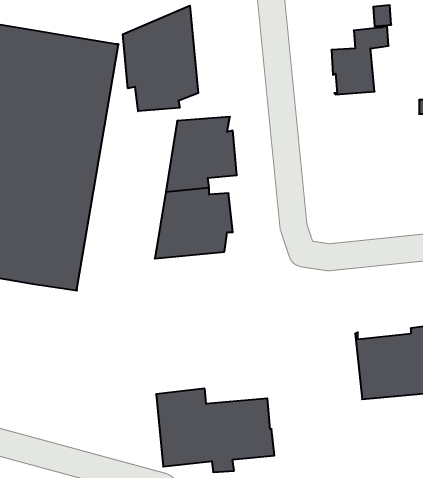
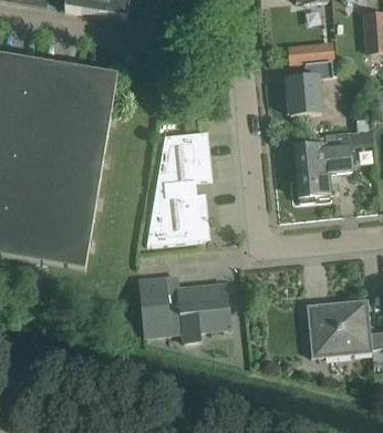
building: [123,6,198,111] -> none
building: none -> [292,142,352,195]
building: [156,389,274,472] -> [137,274,231,340]

